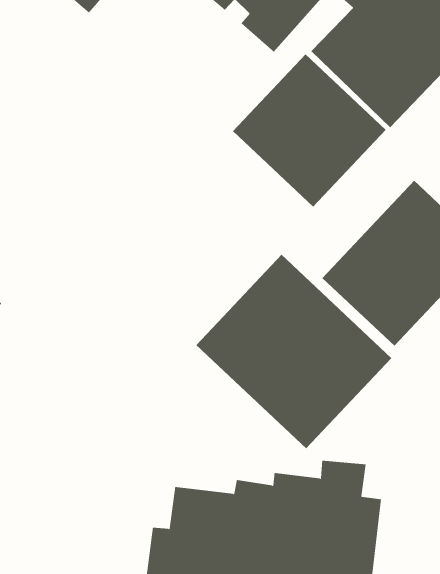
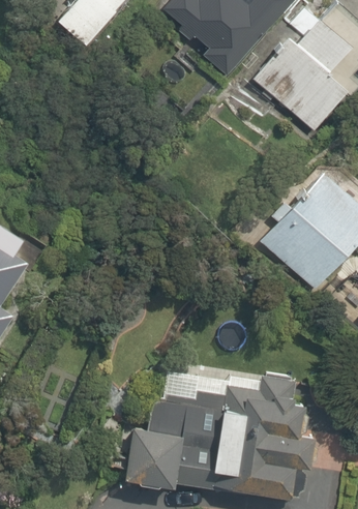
building: [232,54,386,207] -> none
building: [196,254,392,449] -> none

